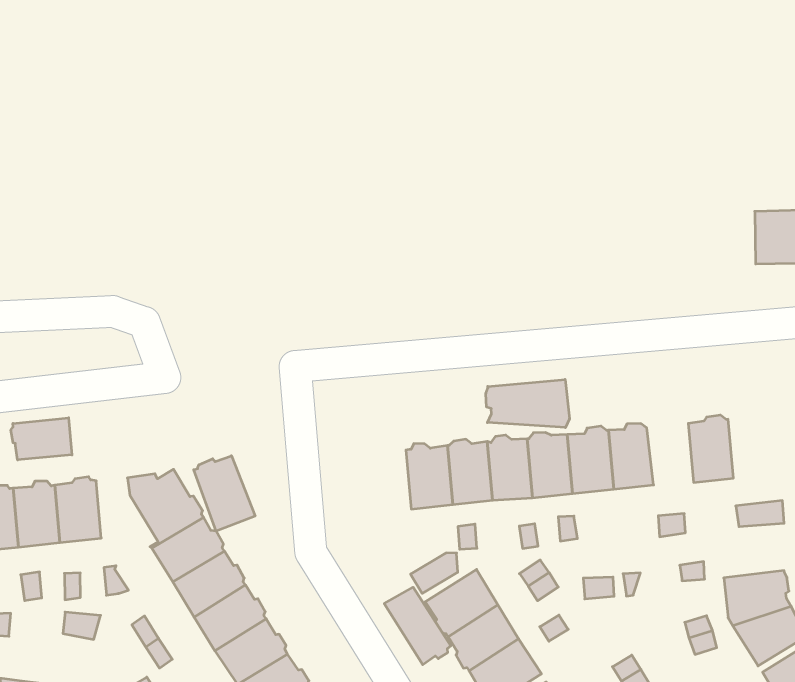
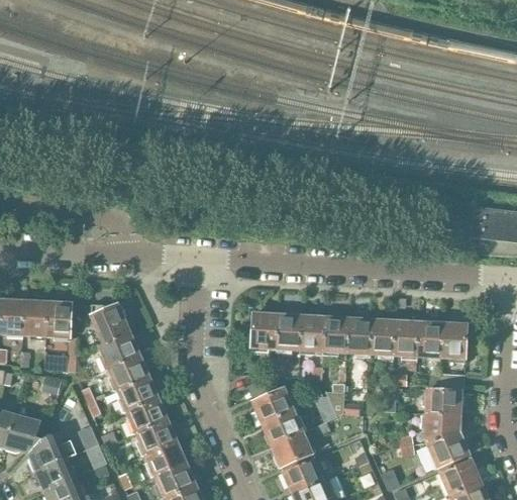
building: [486,379,569,428] -> none
building: none -> [439,322,467,360]
building: [11,418,72,460] -> none
building: none -> [393,320,418,358]
building: [194,456,255,531] -> none
building: none -> [425,391,463,416]
building: [384,587,451,665] -> none

